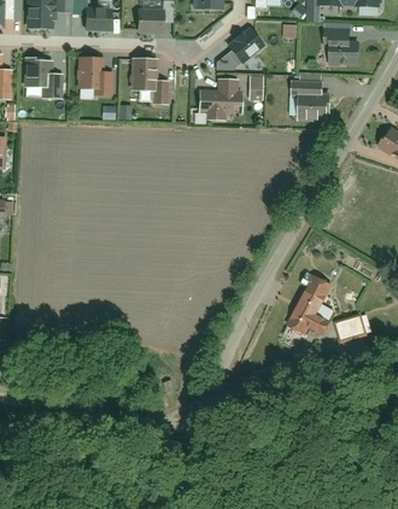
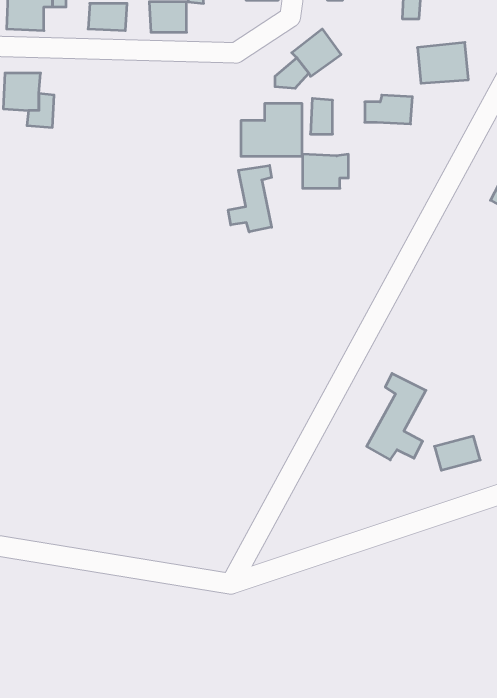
building: [75,55,111,99] -> none
building: [130,60,168,104] -> none
building: [294,93,327,117] -> [303,154,348,188]
building: none -> [228,165,272,232]

